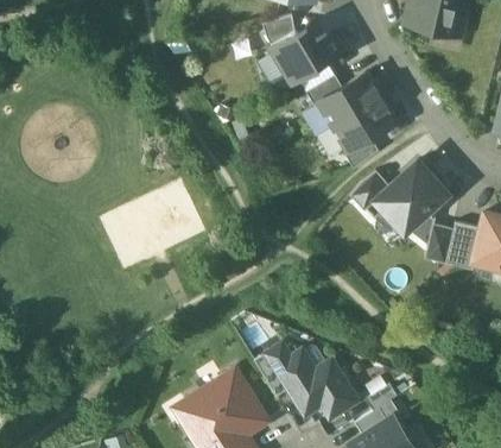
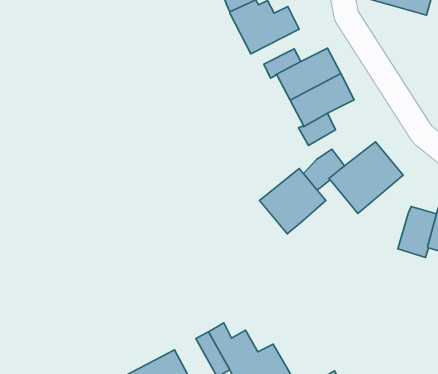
building: none -> [260,168,326,234]
building: [425,223,454,263] -> none

